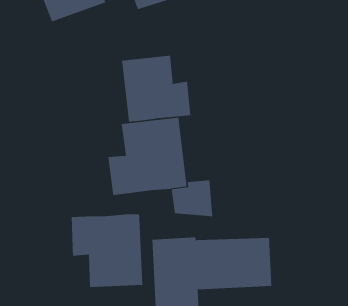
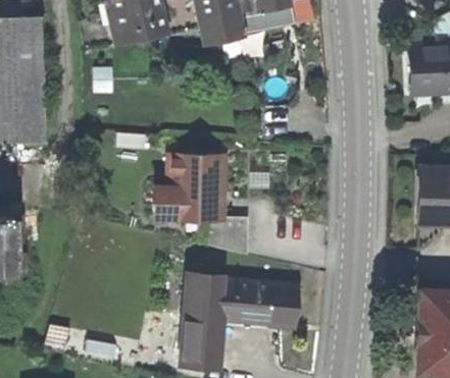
building: [122,55,191,123] -> none
building: [71,213,143,288] -> none

